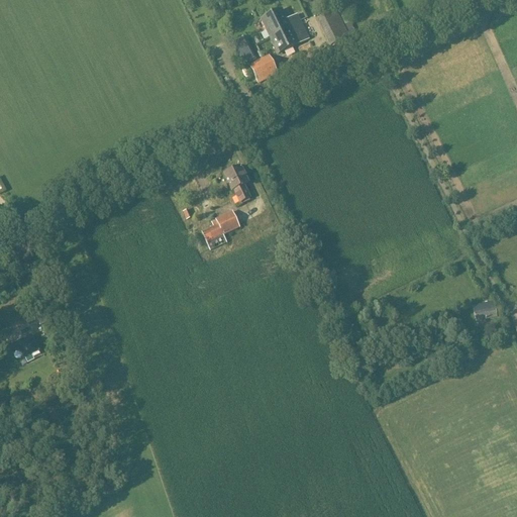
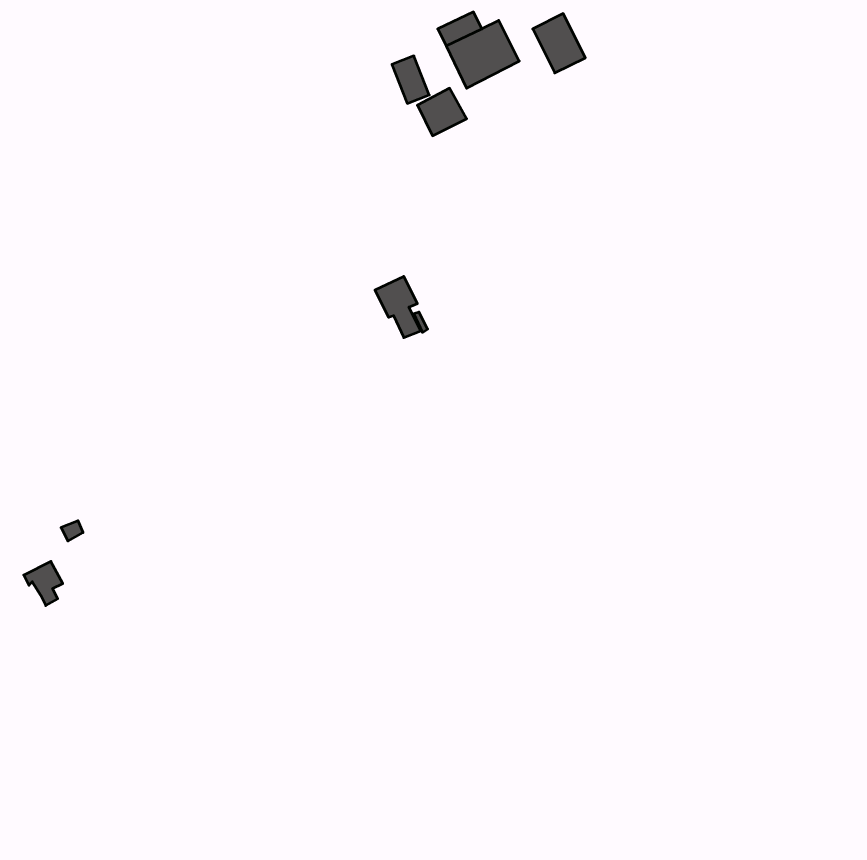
building: [201,208,239,248] -> none
building: [472,298,497,319] -> none

